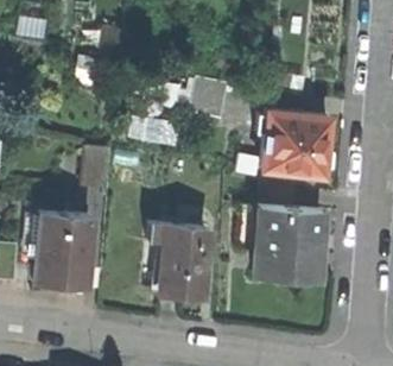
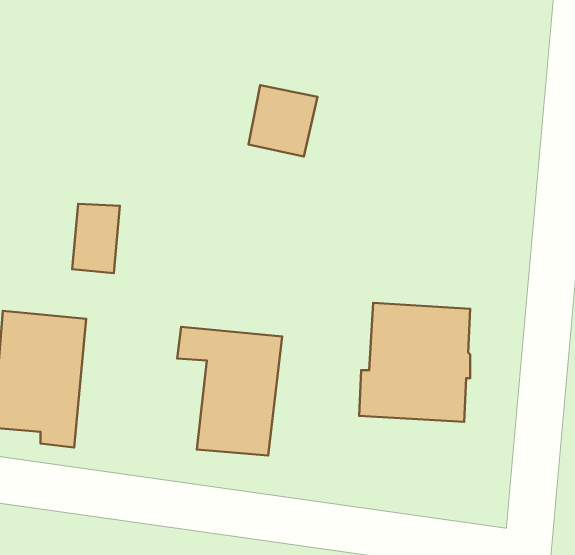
building: [264,111,334,173] -> none

